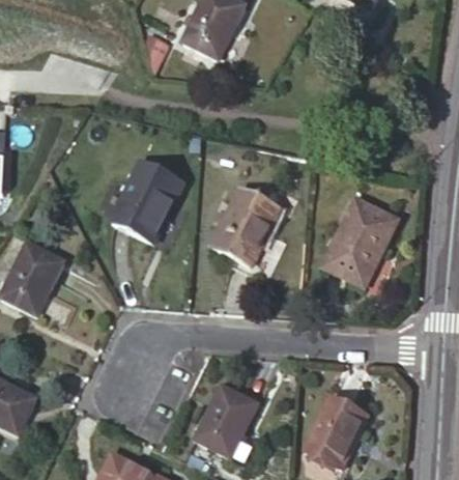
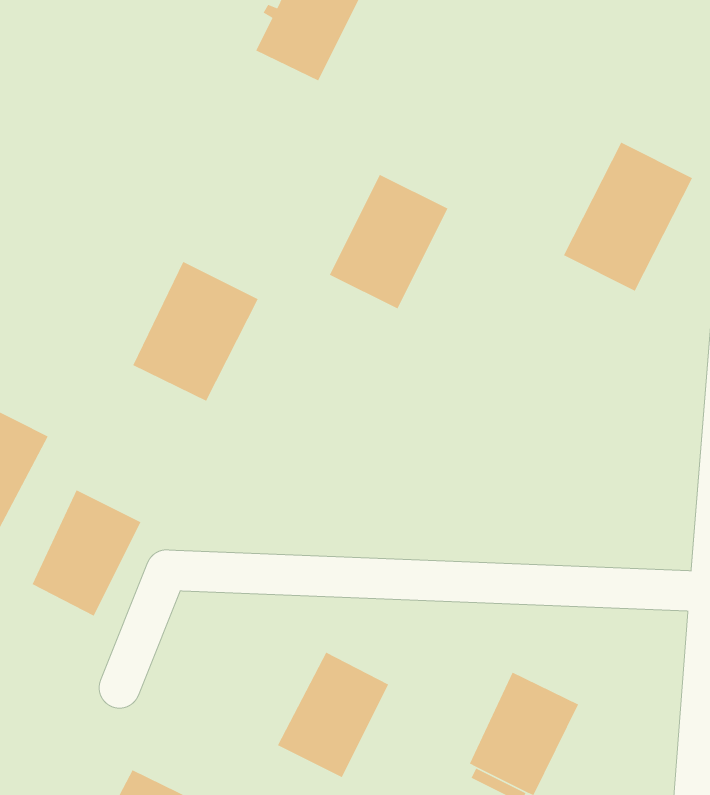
building: [211,188,280,265] -> [329,174,448,310]
building: [323,199,398,285] -> [563,142,693,292]
building: none -> [31,489,142,617]

